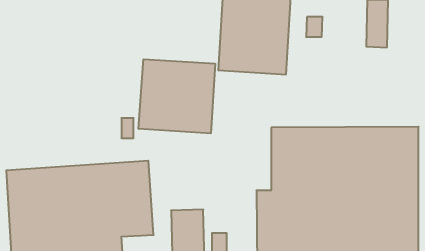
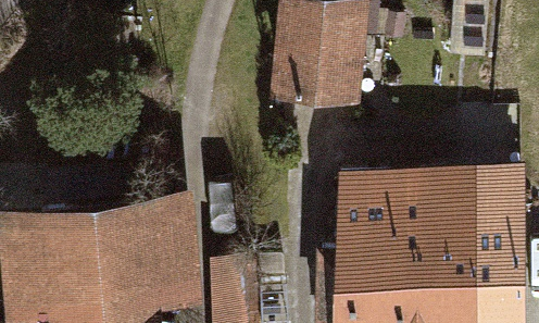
building: [139,59,215,133] -> none

